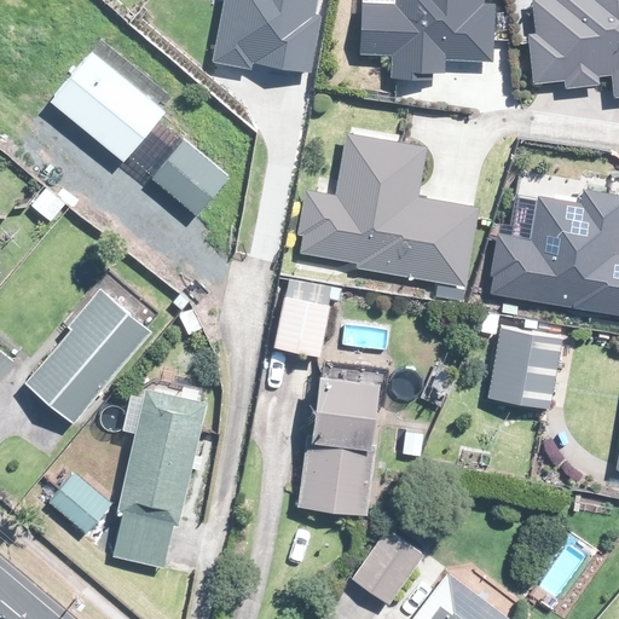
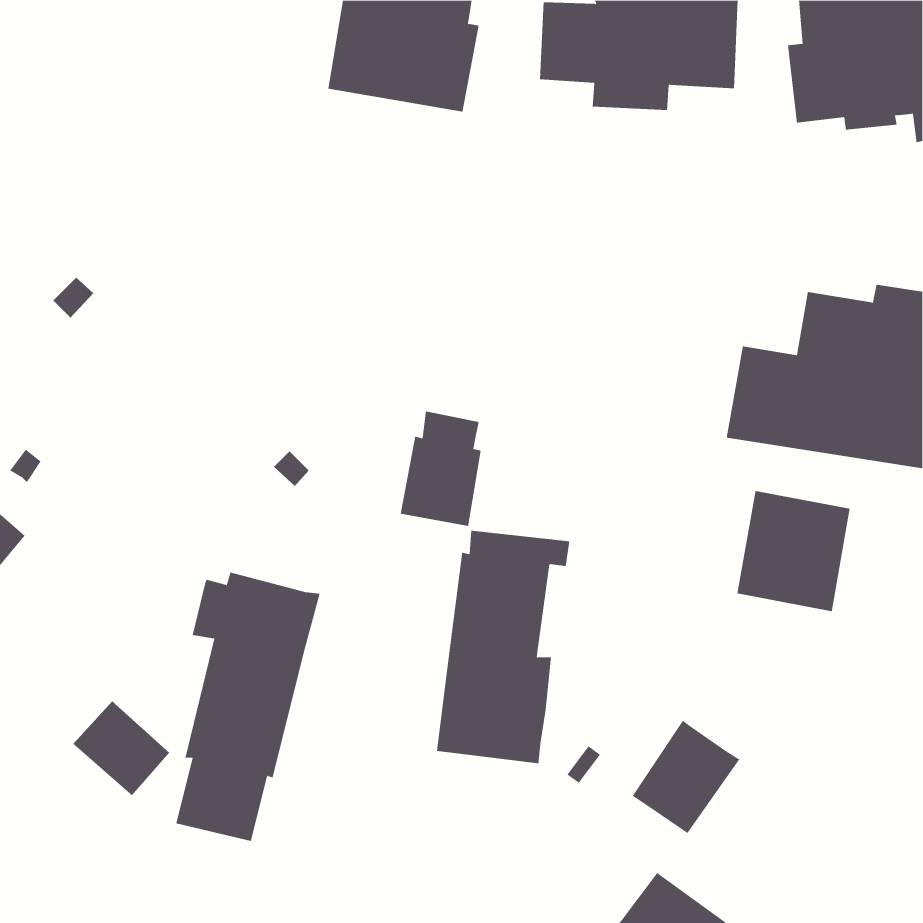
building: [56,48,177,172] -> none
building: [296,134,478,303] -> none
building: [156,138,231,212] -> none
building: [31,283,157,418] -> none
building: [346,525,418,601] -> [632,720,740,834]

